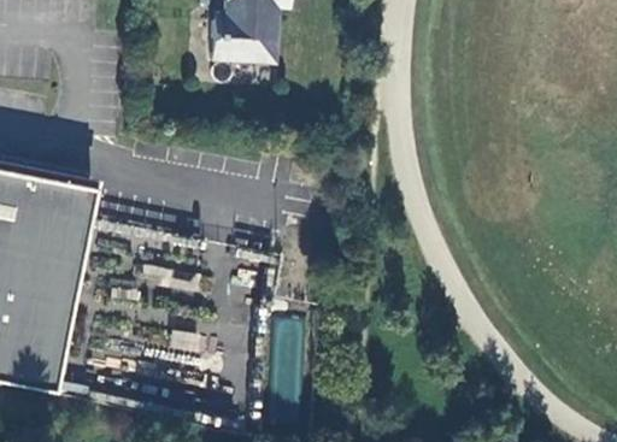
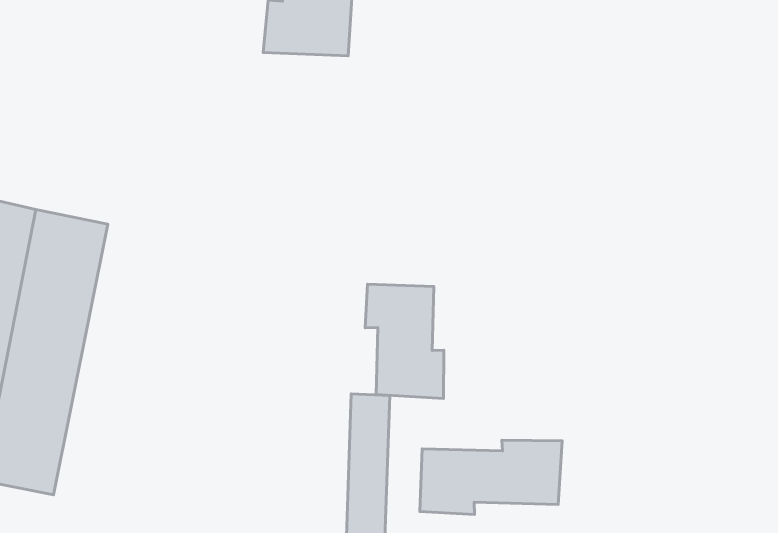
building: none -> [365,284,444,398]
building: none -> [420,440,562,514]

